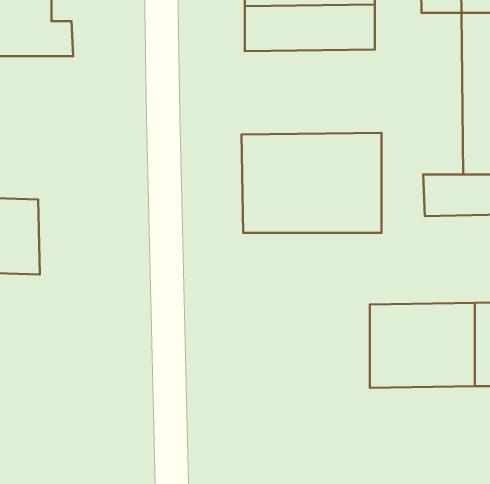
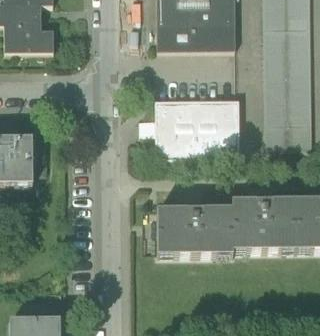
building: none -> [263,24,288,121]
building: none -> [156,206,232,253]

